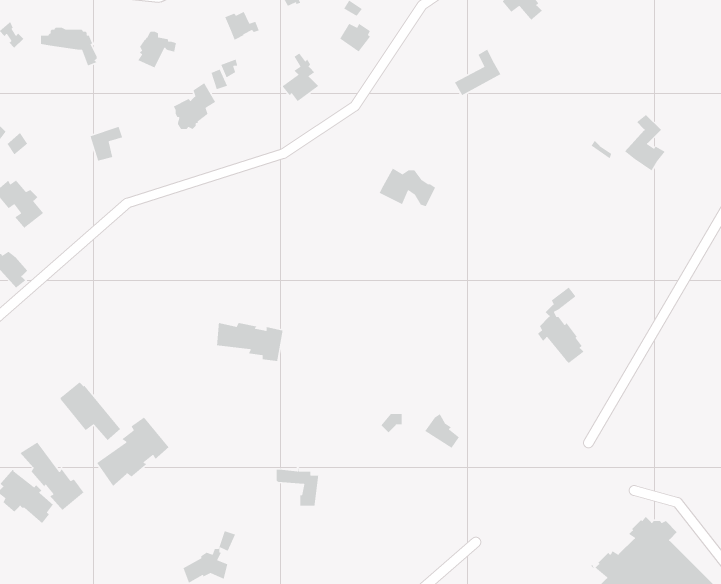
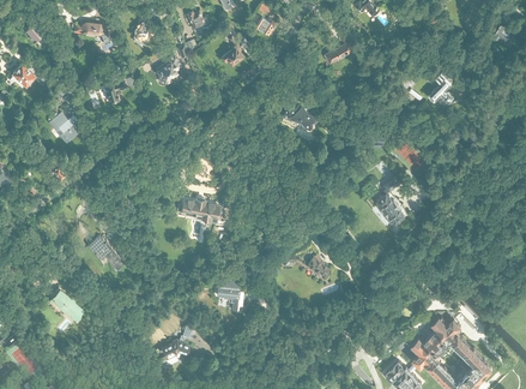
building: [96,416,169,487] -> none
building: [20,441,85,511] -> none

